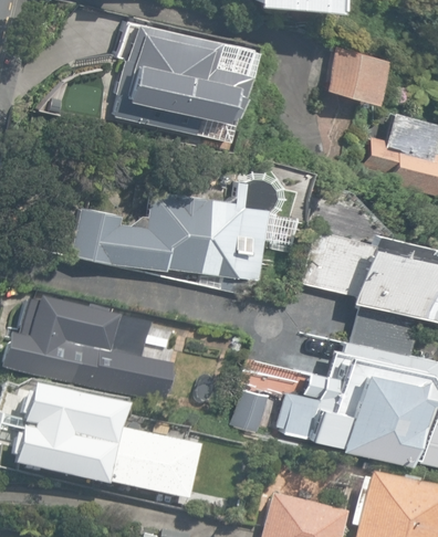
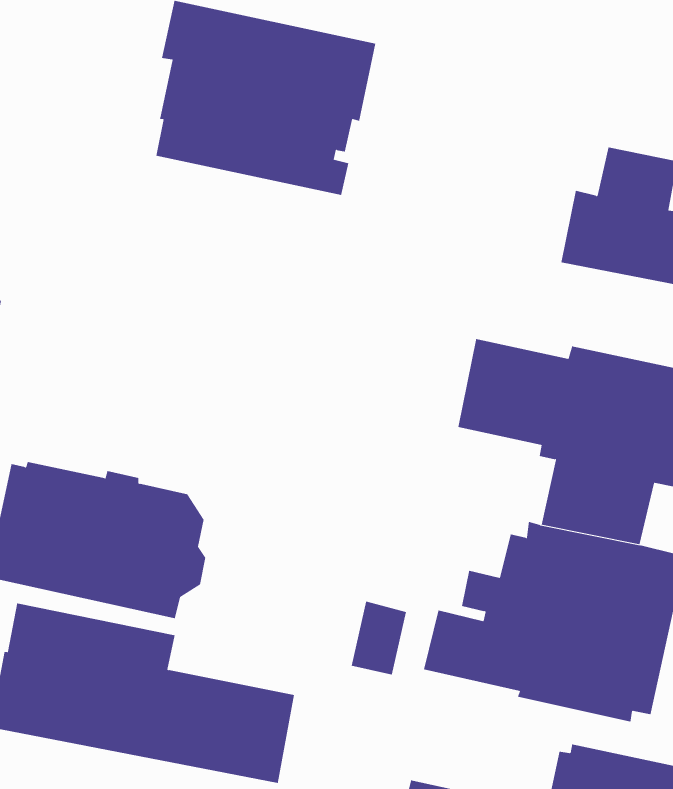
building: [323,45,382,98] -> none
building: [71,177,277,280] -> none

